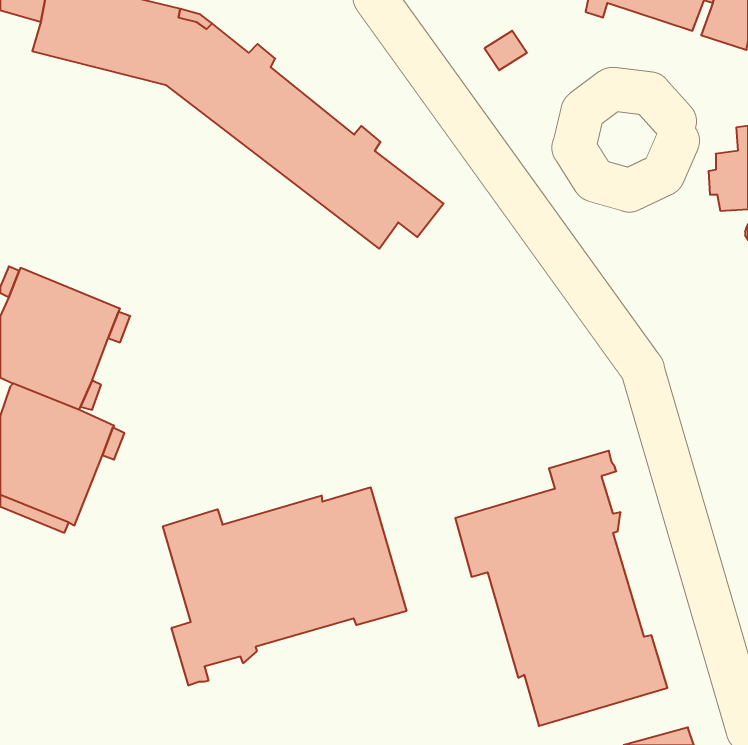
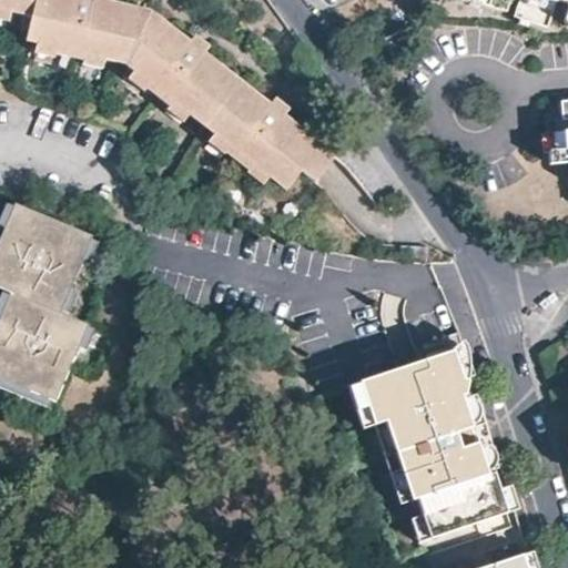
building: [163,487,406,685] -> none

